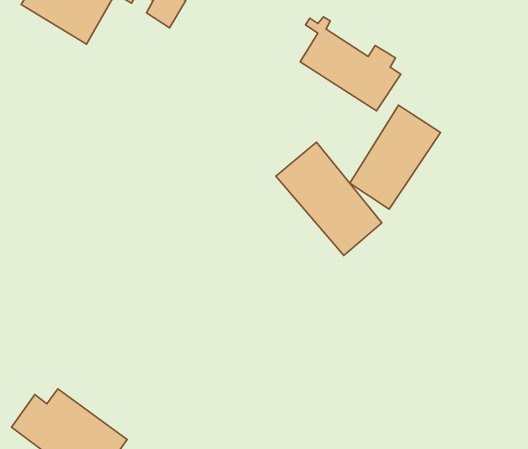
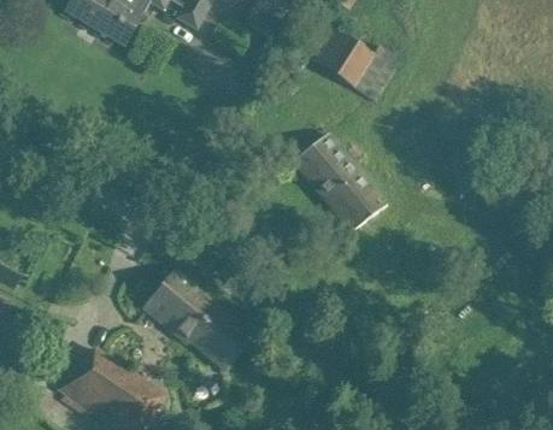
building: [350,105,440,209] -> none
building: none -> [147,270,255,369]

